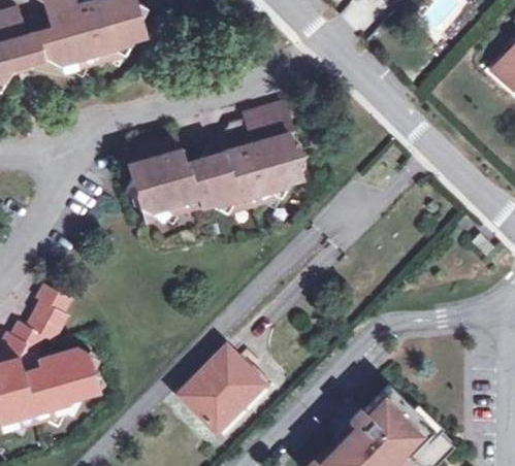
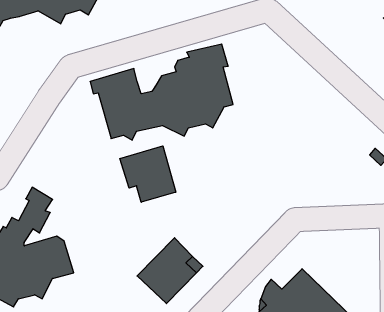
building: none -> [120,146,176,202]

